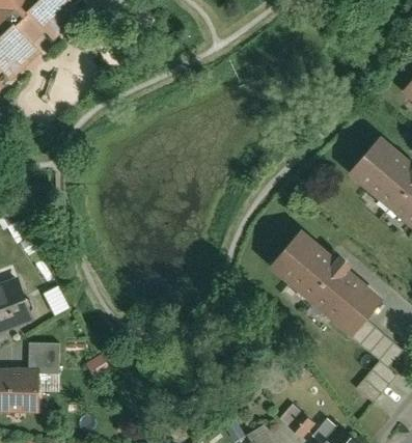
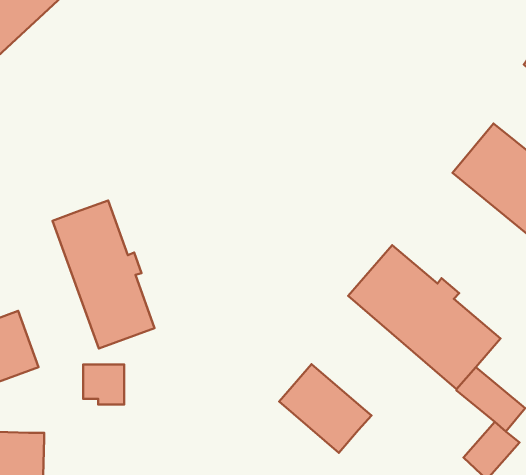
building: none -> [52,200,155,348]
building: none -> [279,364,371,453]
building: [27,343,58,373] -> [83,365,124,404]

